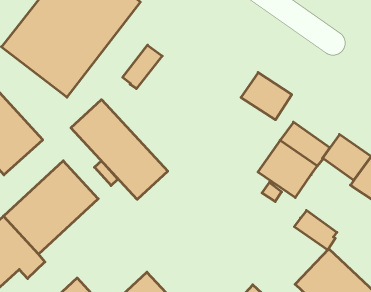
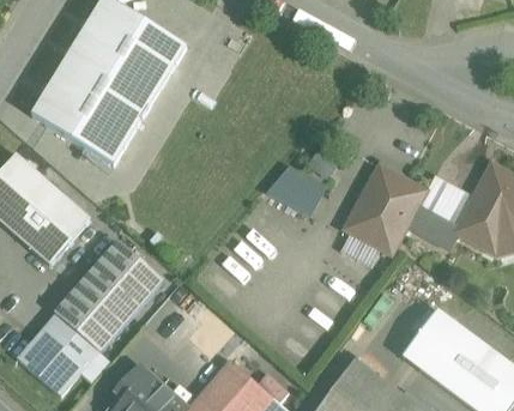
building: [123,45,162,89] -> none
building: [241,72,292,120] -> [266,161,325,213]
building: [71,100,168,199] -> none
building: [294,210,337,250] -> [407,204,458,247]

